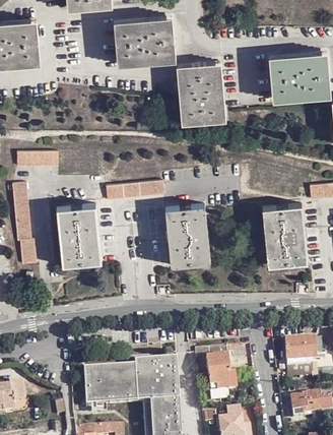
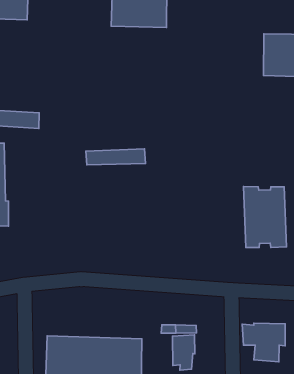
building: [180,64,221,120] -> none
building: [57,204,103,265] -> none
building: [164,204,209,265] -> none

